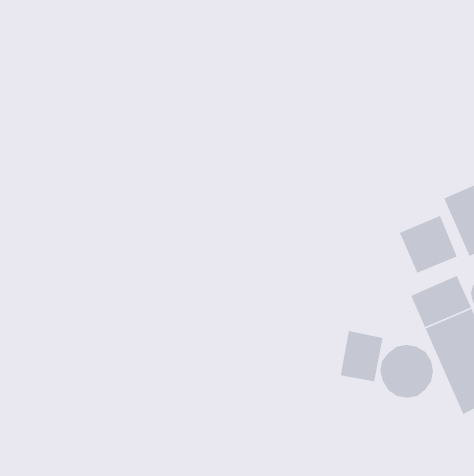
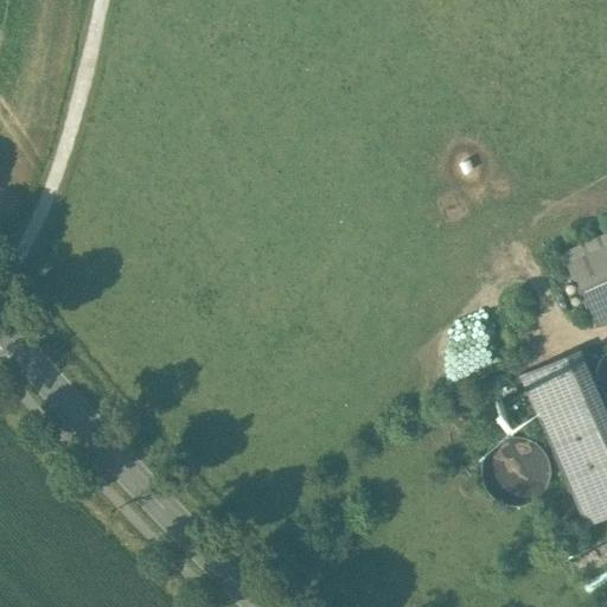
building: [399,215,458,274] -> none
building: [340,330,383,382] -> none

